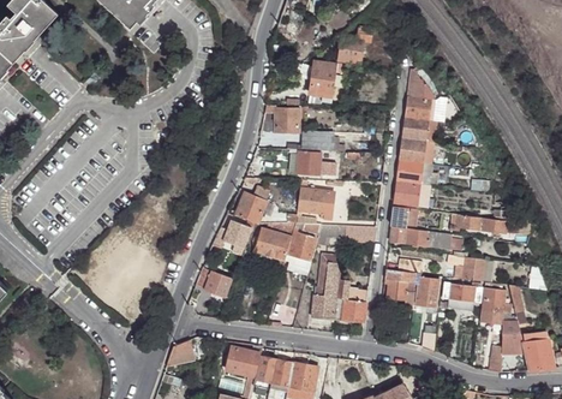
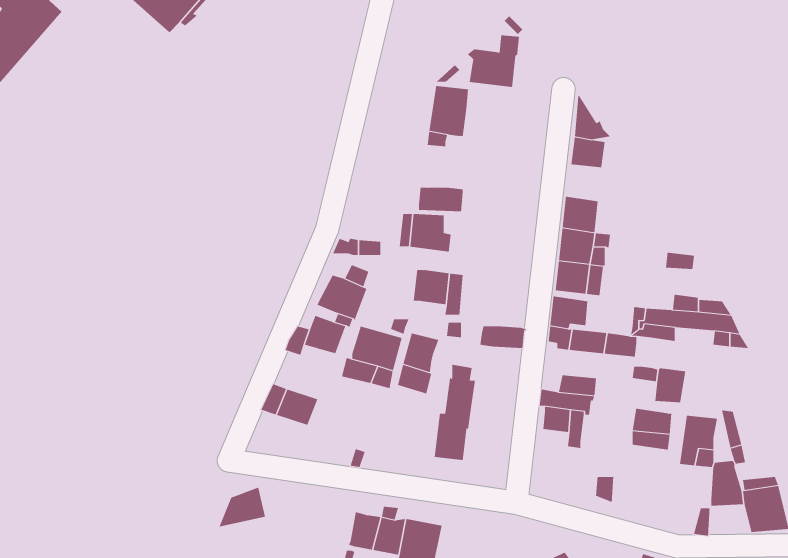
building: [273,107,298,135] -> none
building: [401,118,426,143] -> none
building: [415,280,438,309] -> none
building: [334,281,367,324] -> none
building: [223,347,257,376] -> none

